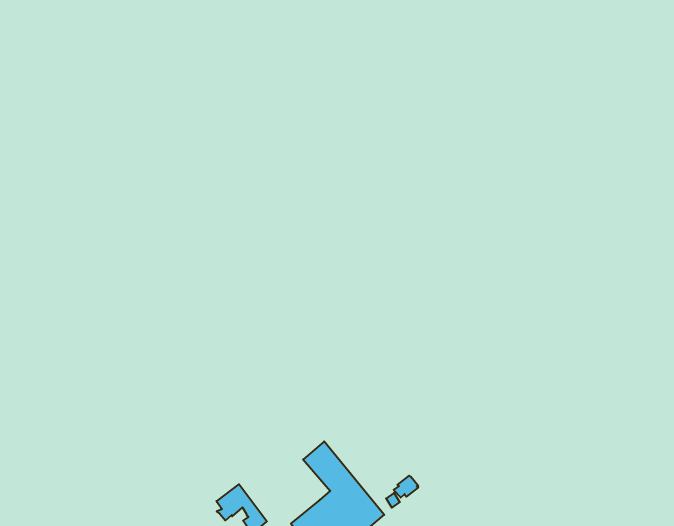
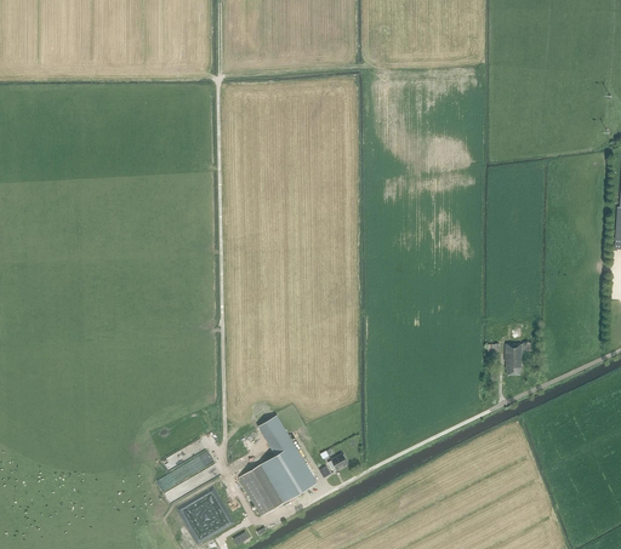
building: none -> [505,343,531,376]

